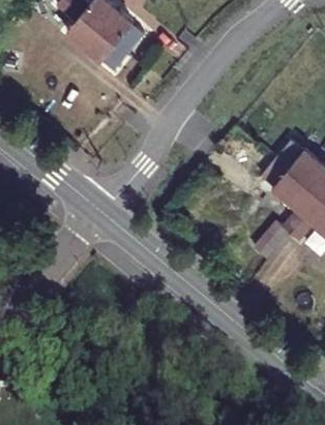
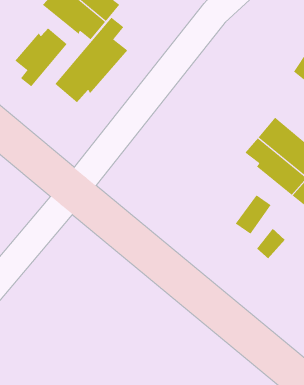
building: none -> [55,17,128,103]
building: none -> [14,27,68,87]

